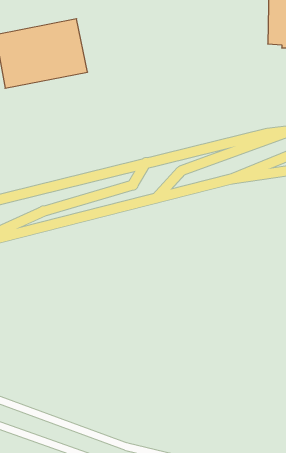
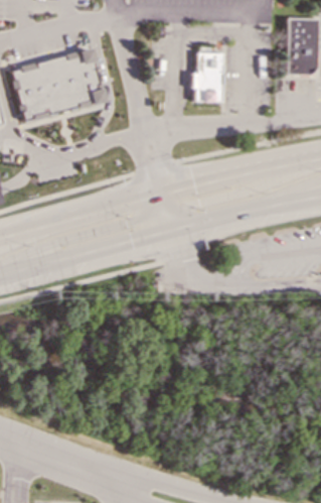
building: none -> [192,51,222,101]

